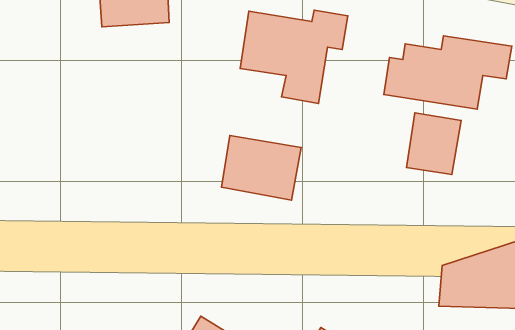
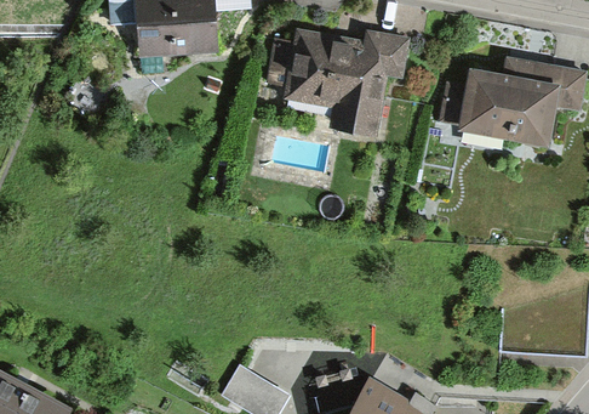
building: [407,113,461,174] -> none
building: [222,136,301,200] -> none

